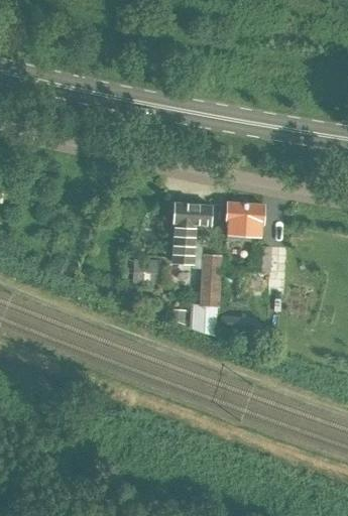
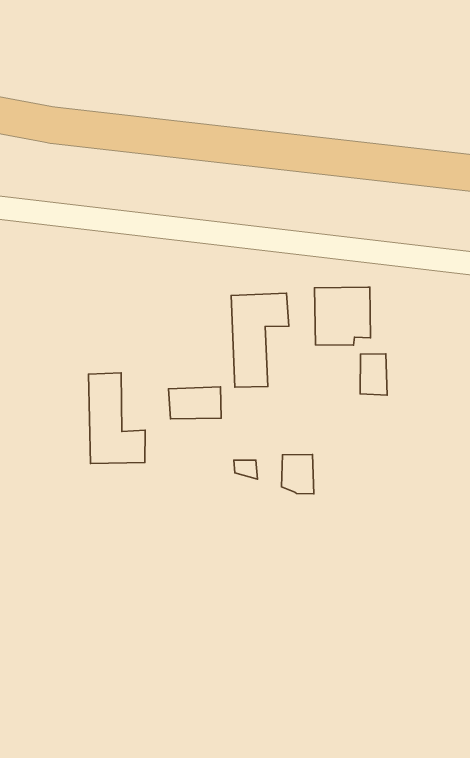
building: none -> [89,373,145,464]
building: [200,252,221,304] -> none

